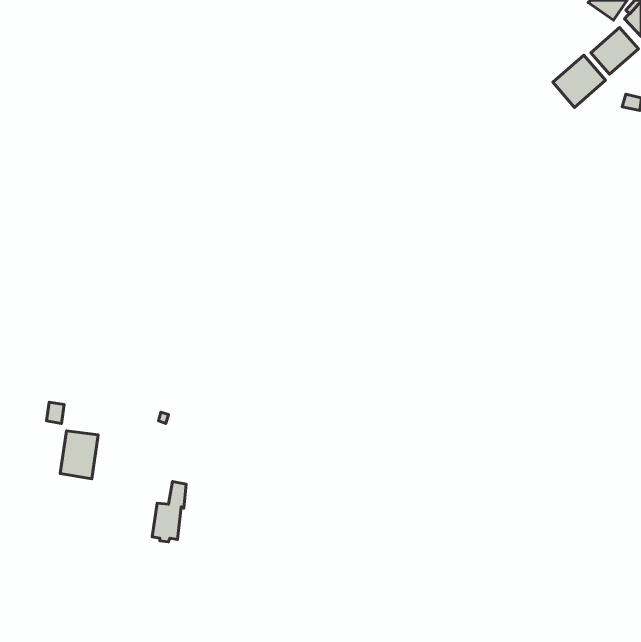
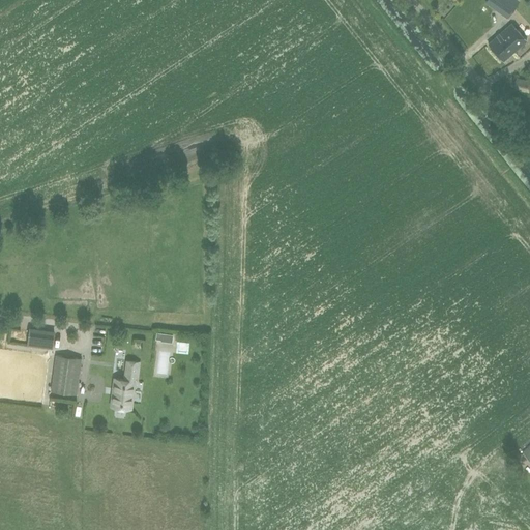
building: [553,55,606,107] -> none
building: [152,482,186,542] -> [110,360,138,410]

